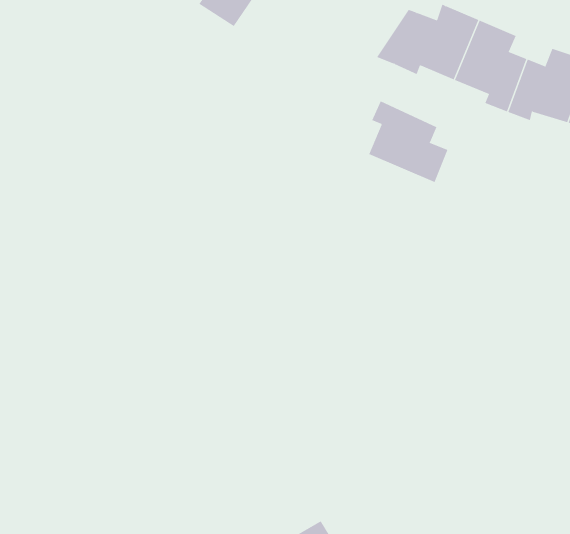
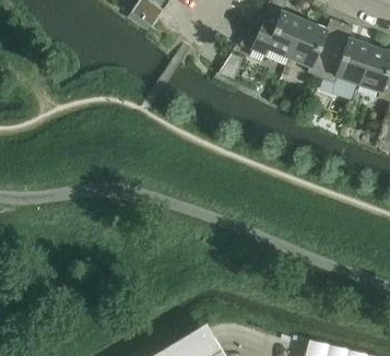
building: [369,101,448,183] -> none

